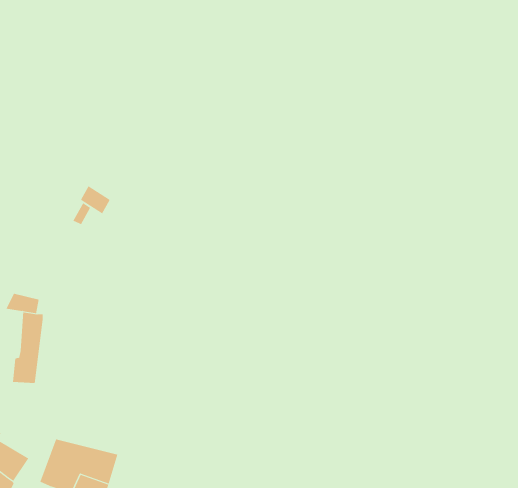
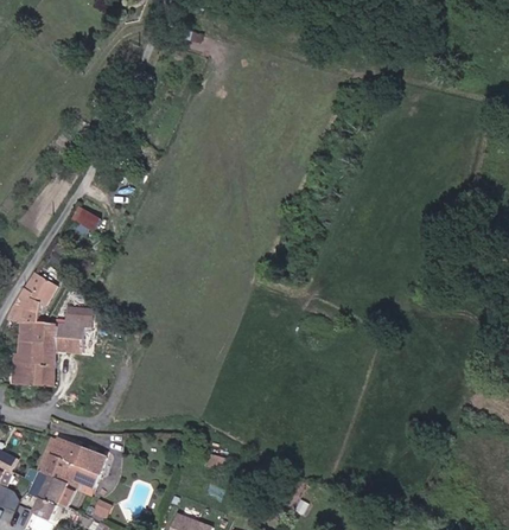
building: none -> [13,272,52,309]
building: none -> [33,311,93,387]

